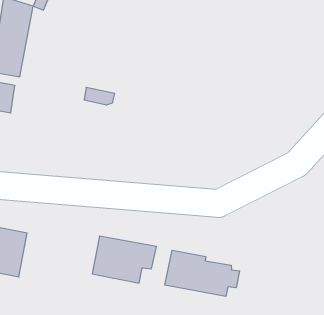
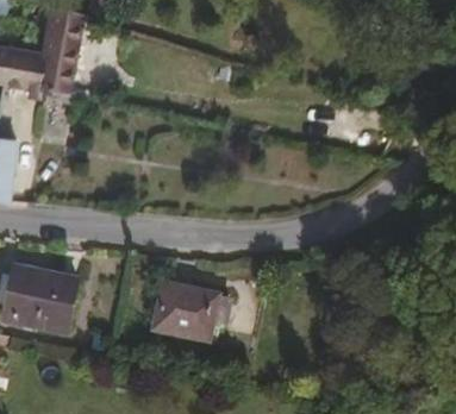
building: [165,250,239,296] -> none

